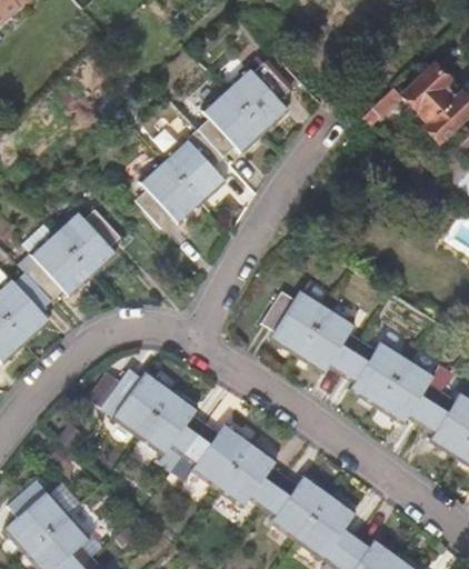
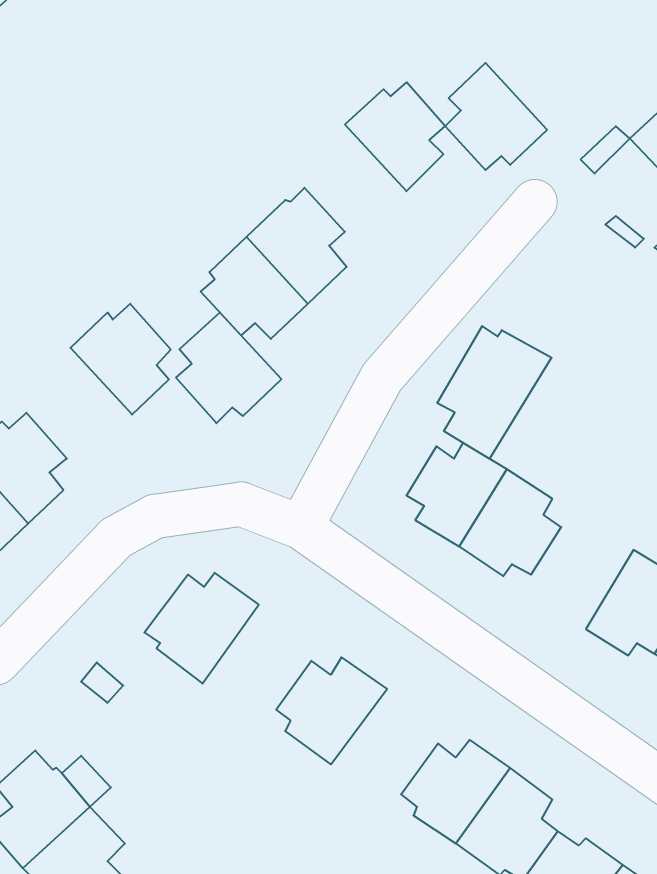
building: [200,88,265,156] -> [445,63,547,170]
building: none -> [437,326,552,459]
building: [24,229,91,299] -> [176,312,281,423]
building: [343,340,408,407] -> none
building: [136,391,204,460] -> none
building: [217,445,285,511] -> none

